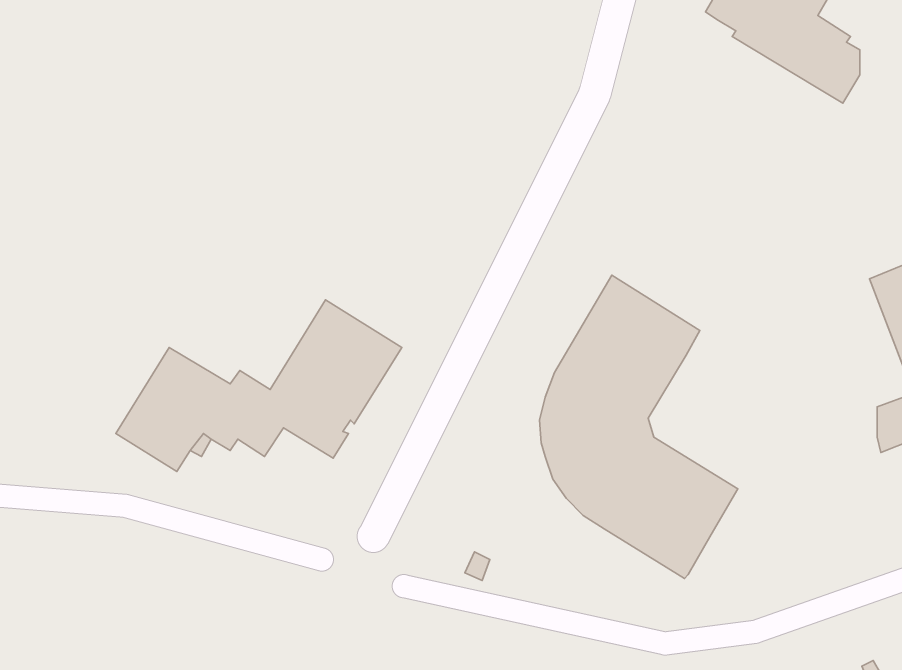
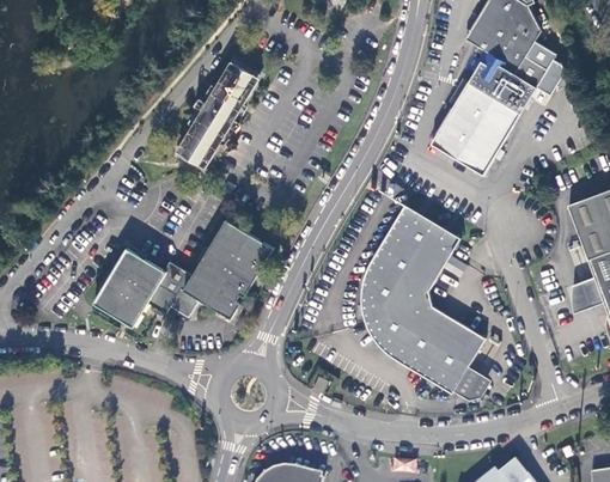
building: none -> [429,54,535,175]
building: none -> [179,61,256,167]
building: none -> [453,366,490,399]

